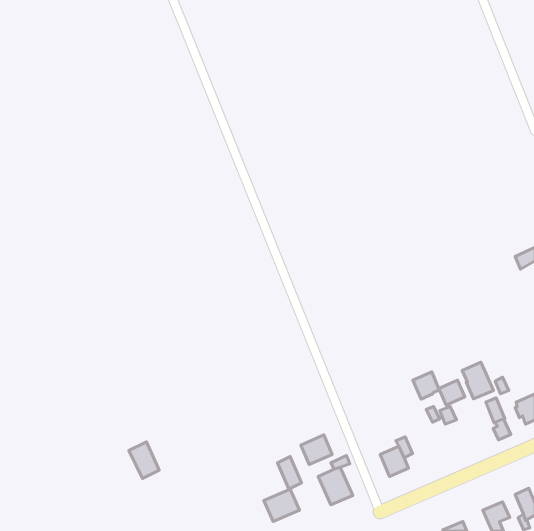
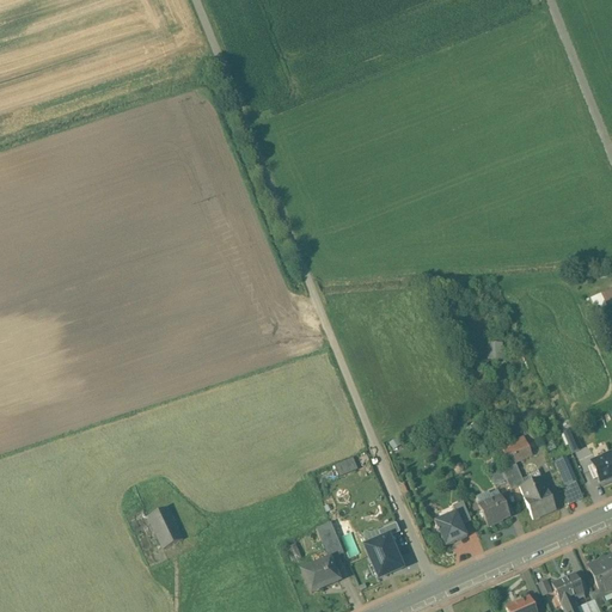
building: [462,362,494,399] -> [520,475,556,516]
building: [413,372,439,399] -> [479,494,509,525]
building: [301,435,332,465] -> none

